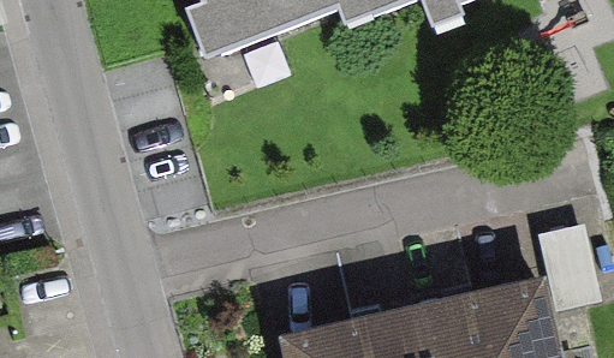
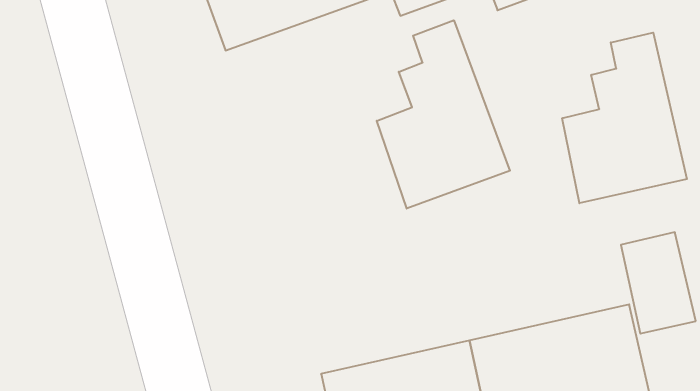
building: none -> [377,20,510,209]
building: none -> [562,33,687,203]

